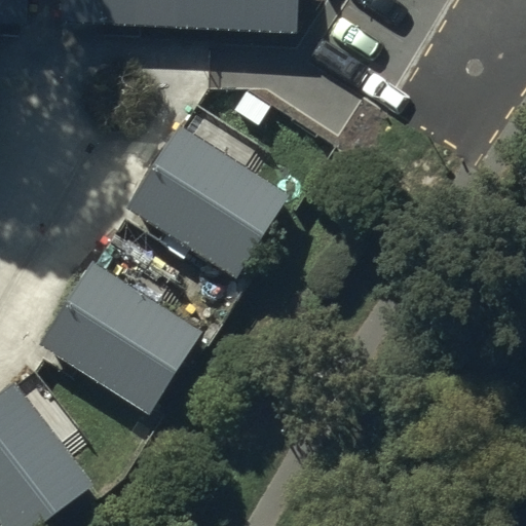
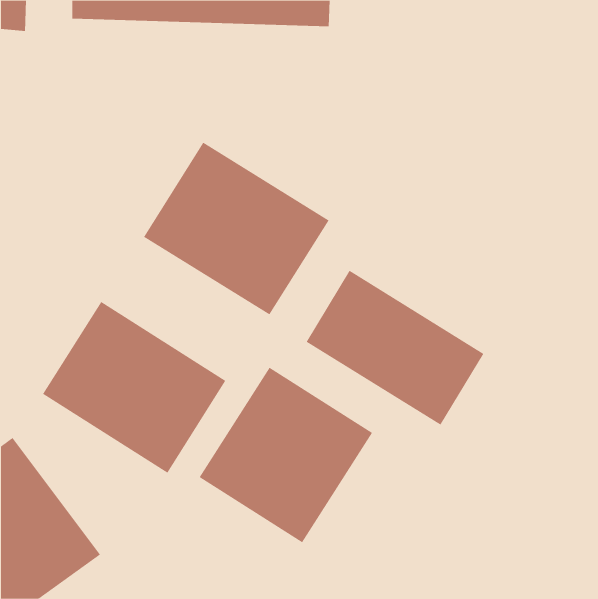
building: none -> [306,270,484,425]
building: none -> [199,367,373,543]

